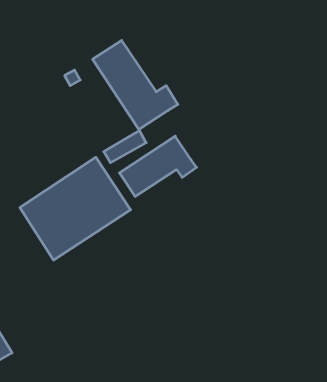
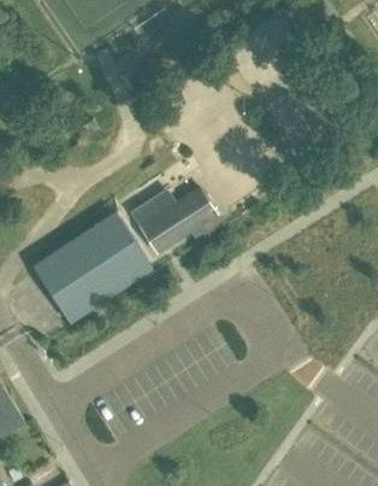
building: [93,40,178,129] -> none

